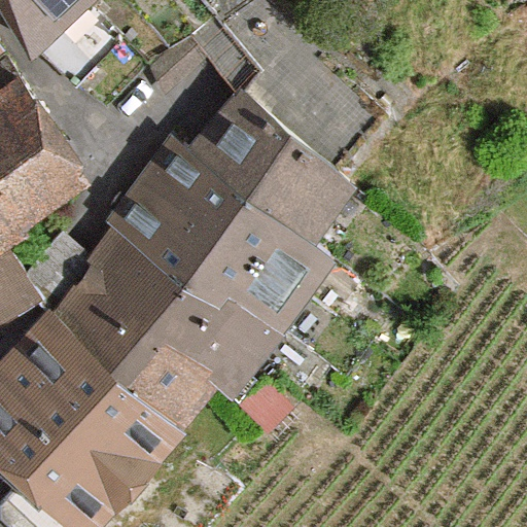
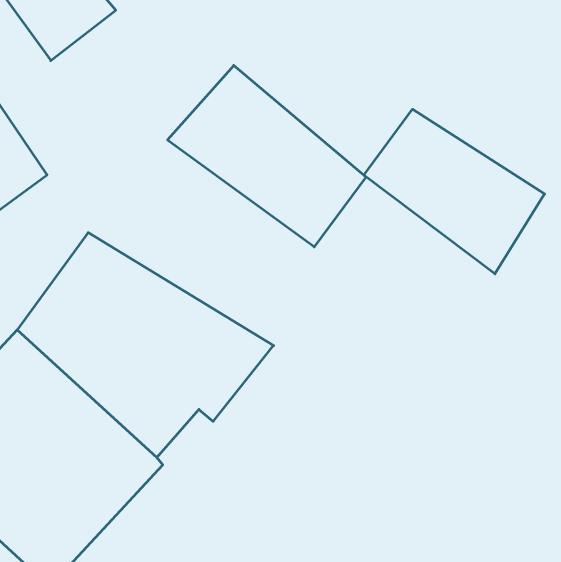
building: none -> [364,109,545,274]
building: [115,148,327,330] -> none

